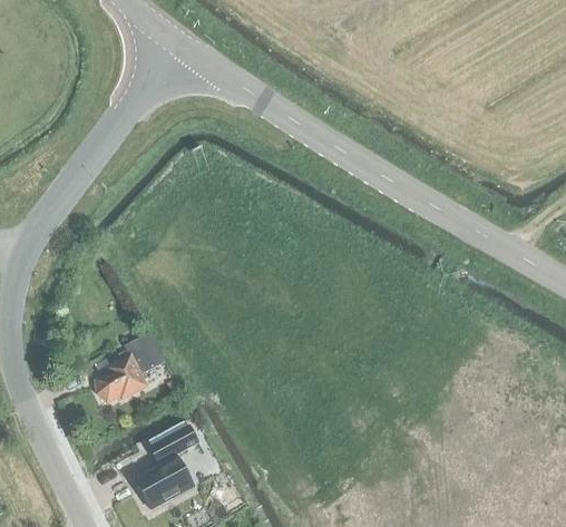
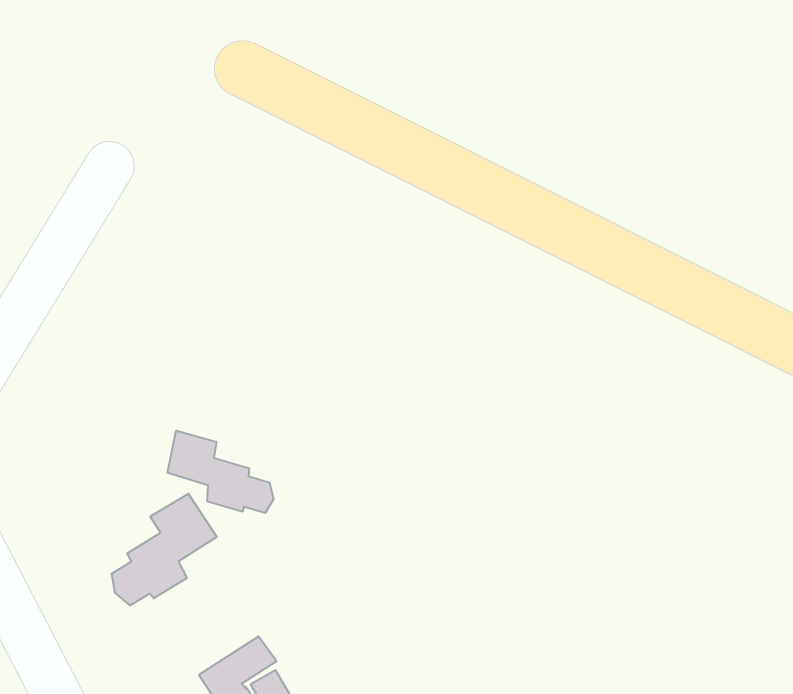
building: none -> [167,431,273,513]

